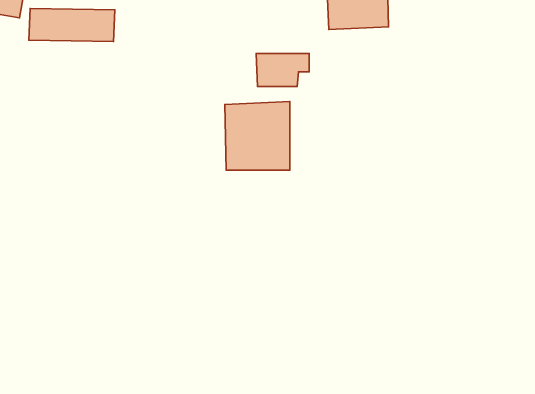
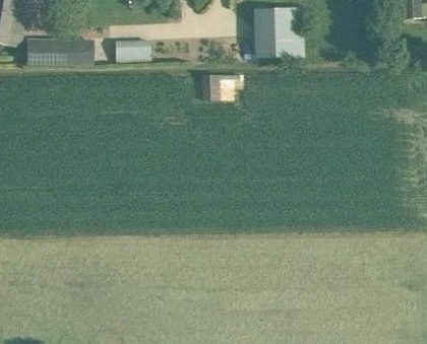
building: none -> [116,41,150,63]
building: [225,102,290,170] -> none

